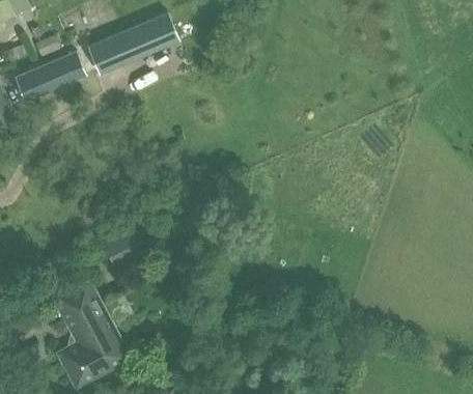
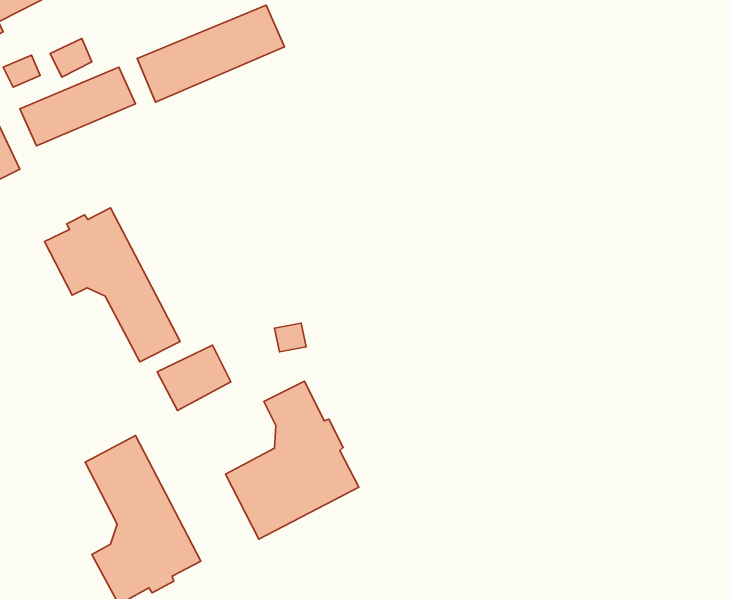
building: none -> [45,208,180,362]
building: none -> [225,381,359,539]

